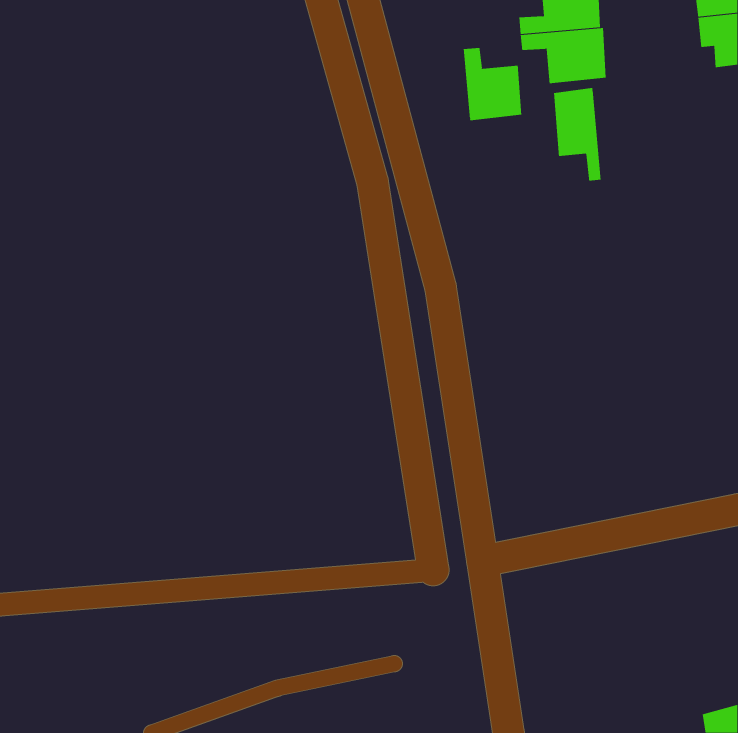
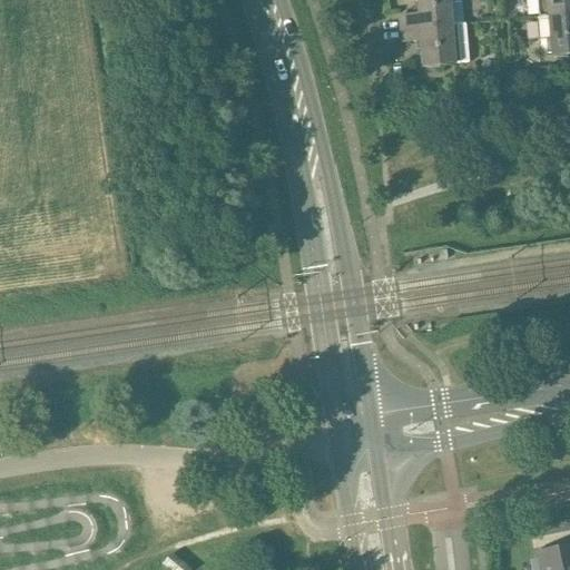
building: [463,47,522,121] -> none
building: [553,87,601,181] -> none

